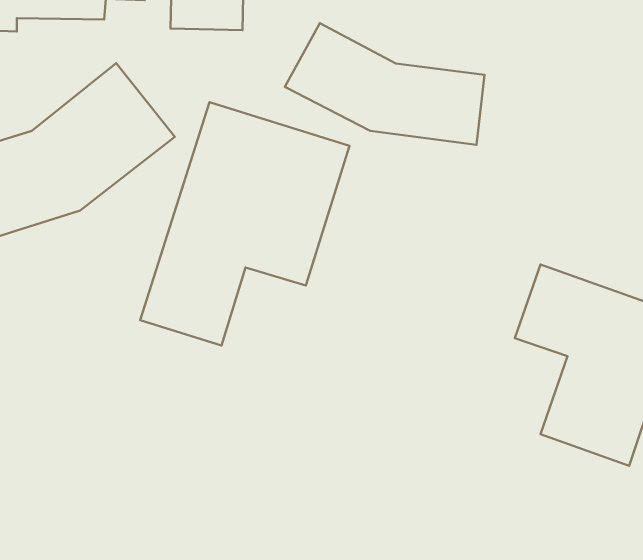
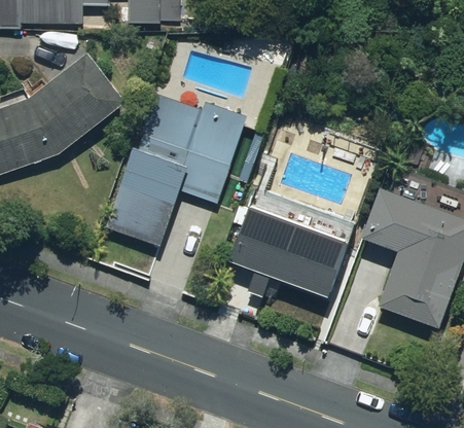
building: [285,23,485,145] -> none
building: none -> [235,186,356,301]

